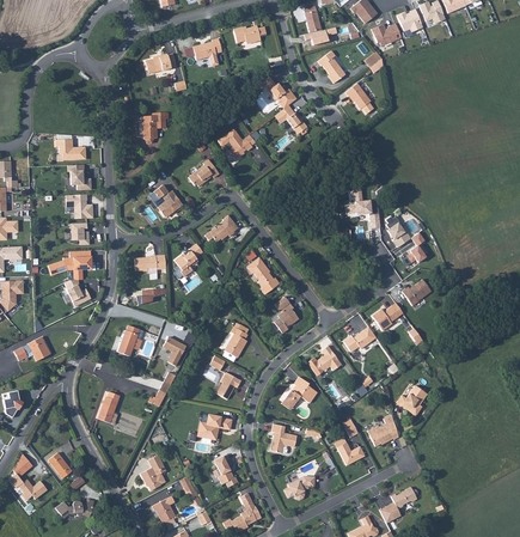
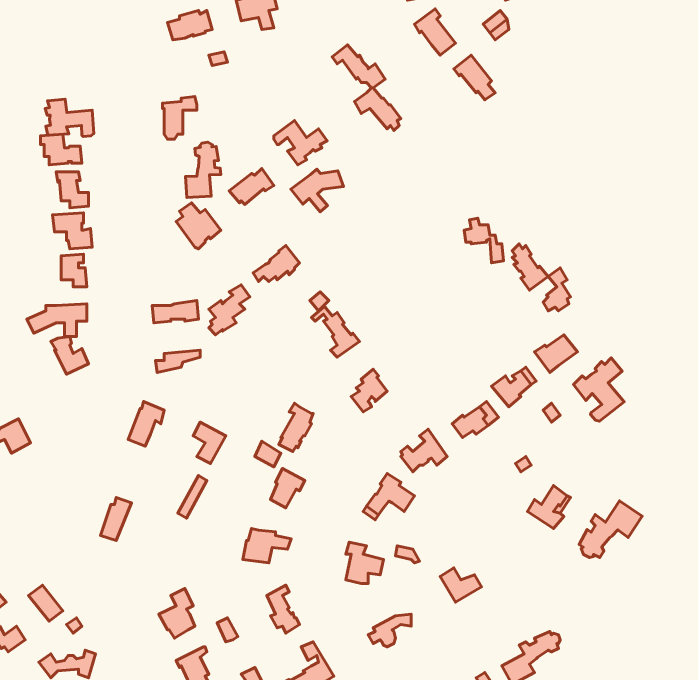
building: none -> [45,99,94,136]
building: none -> [186,142,221,198]
building: none -> [291,169,344,212]
building: none -> [573,358,624,421]
building: none -> [579,501,642,558]
building: [366,413,397,446] -> none

